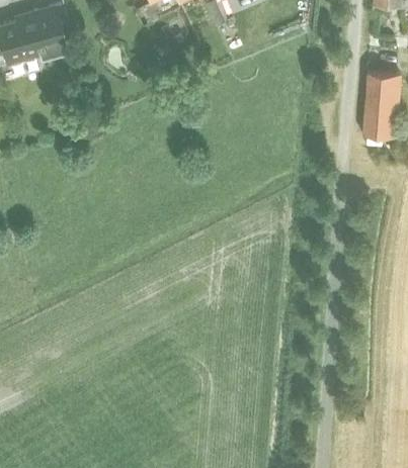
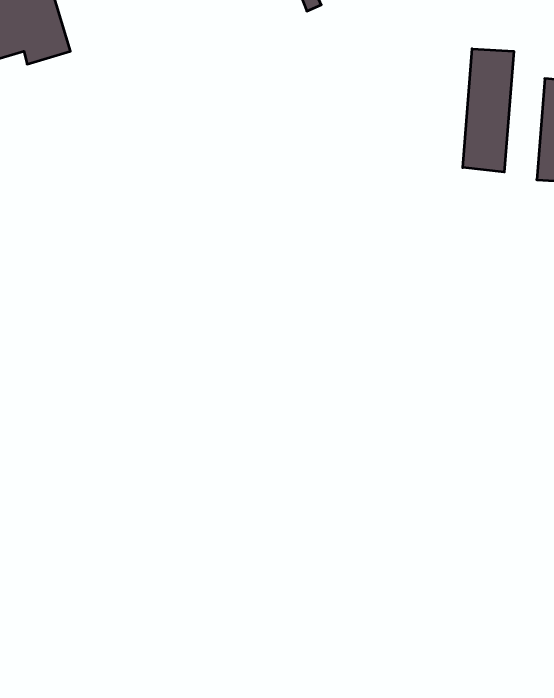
building: none -> [463,49,514,172]

